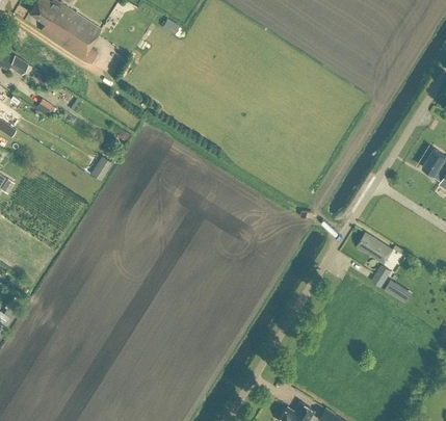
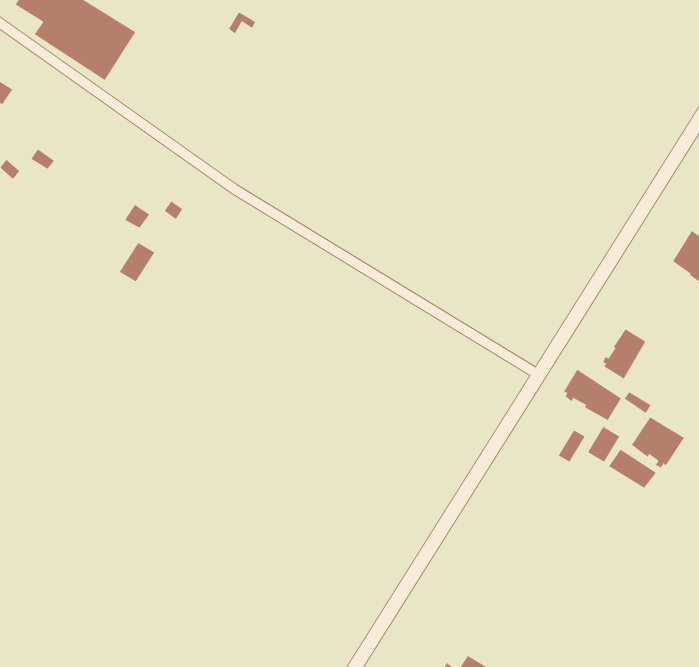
building: none -> [602,328,646,380]
building: none -> [631,417,685,468]

